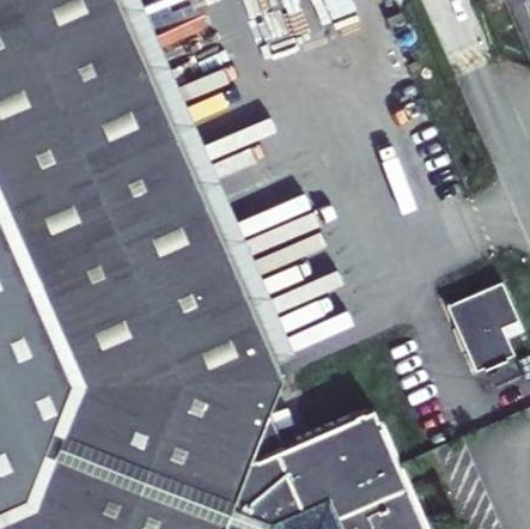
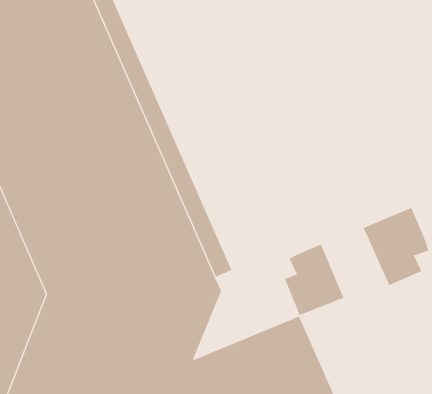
building: none -> [284,244,344,316]

